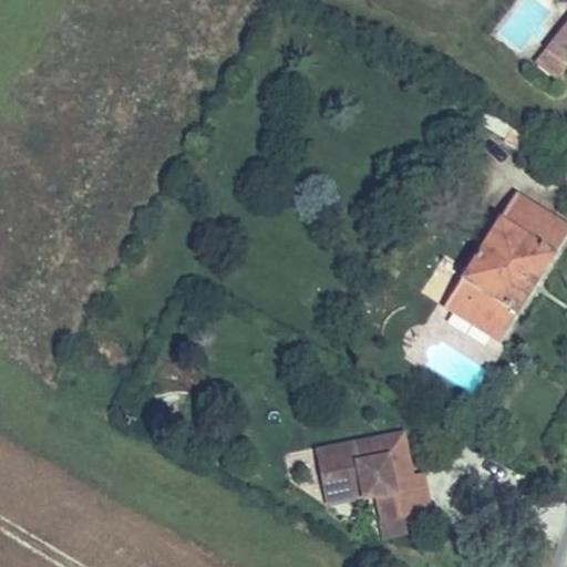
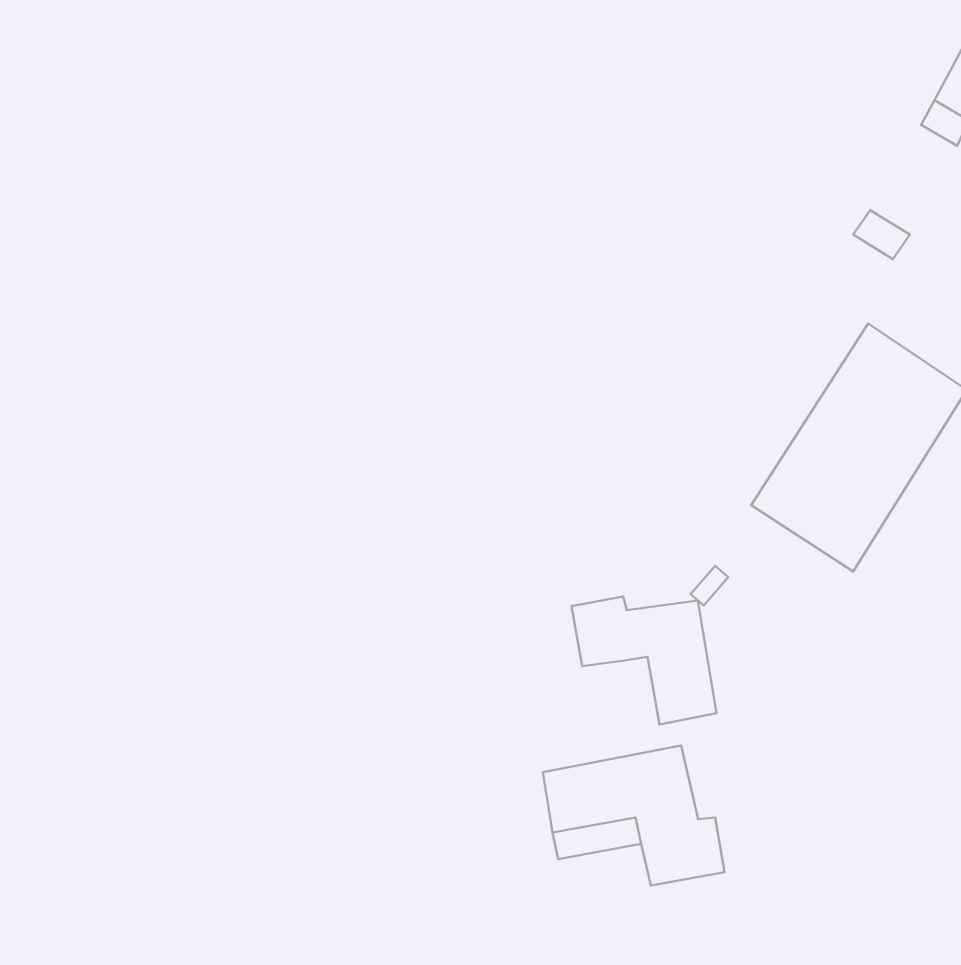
building: none -> [572,597,716,725]

